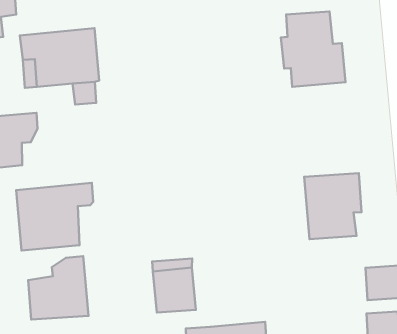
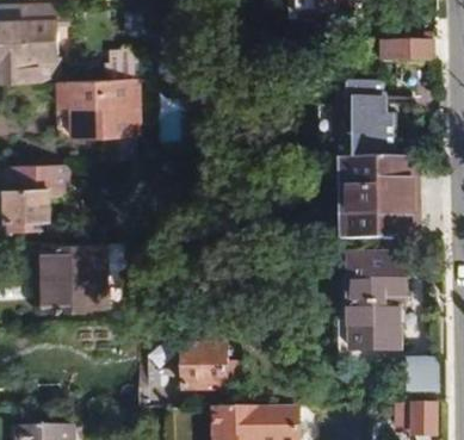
building: none -> [341,156,420,238]
building: none -> [348,321,398,354]
building: [28,256,89,320] -> none

